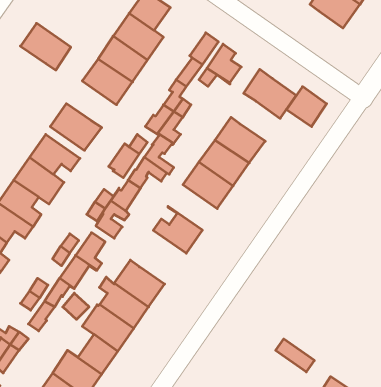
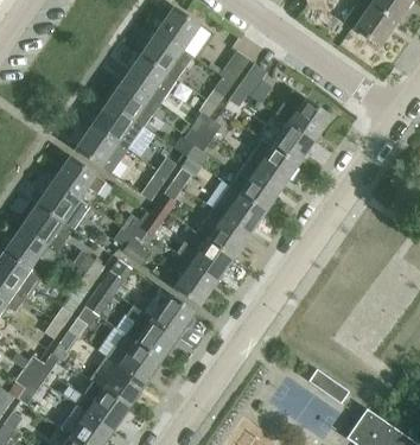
building: [20,23,71,70] -> [91,101,144,150]
building: [286,87,327,127] -> [272,122,313,164]
building: none -> [197,209,248,256]
building: none -> [173,256,216,304]

